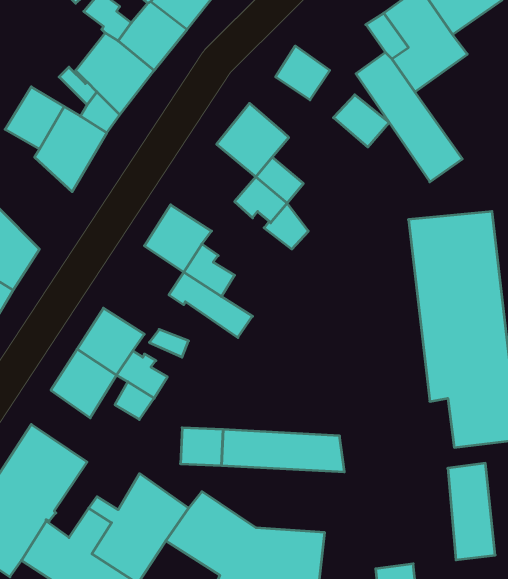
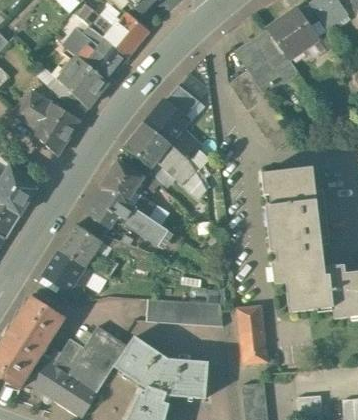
building: [333,95,389,147] -> [164,86,198,118]
building: none -> [125,125,168,167]
building: none -> [84,187,124,228]
building: [448,463,495,560] -> [237,305,266,364]

